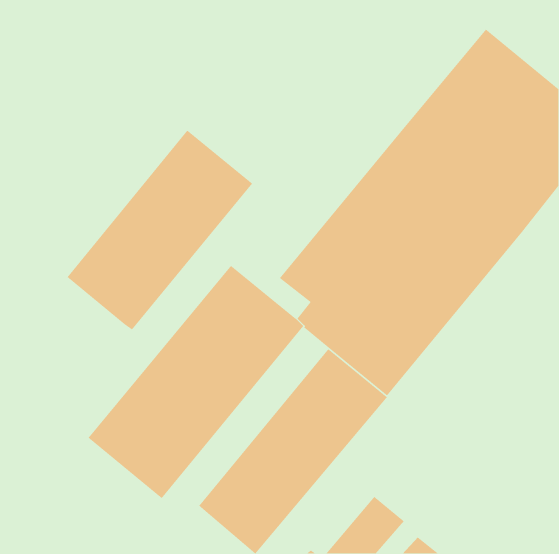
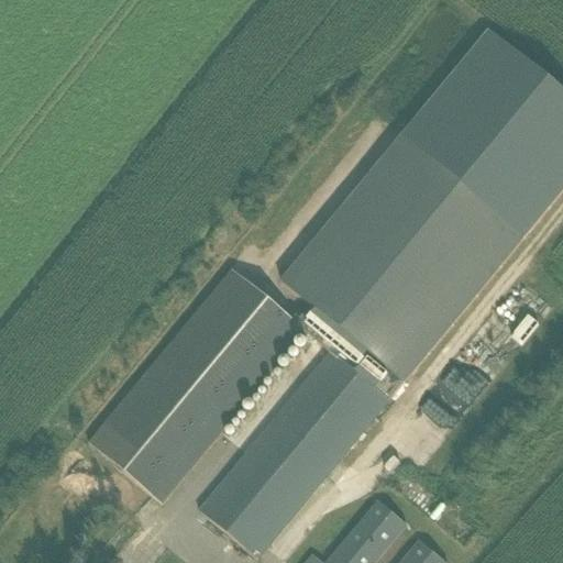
building: [67,129,253,330] -> none

